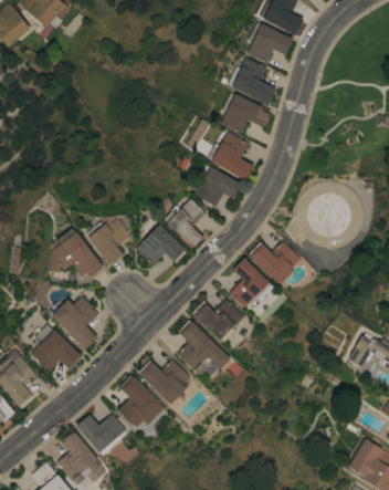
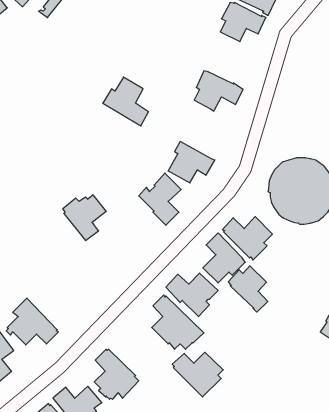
building: [228,58,275,105] -> none
building: [207,132,253,181] -> [103,77,148,126]
building: [135,221,186,265] -> none
building: [46,229,103,277] -> none
building: none -> [228,266,268,312]
building: [52,296,98,351] -> none
building: [138,359,190,405] -> [172,352,223,397]

